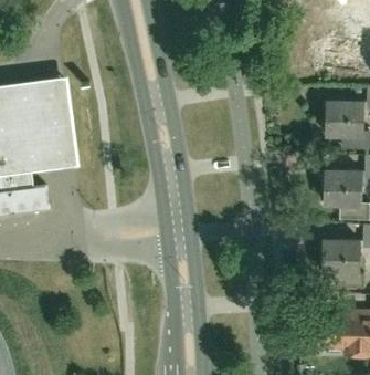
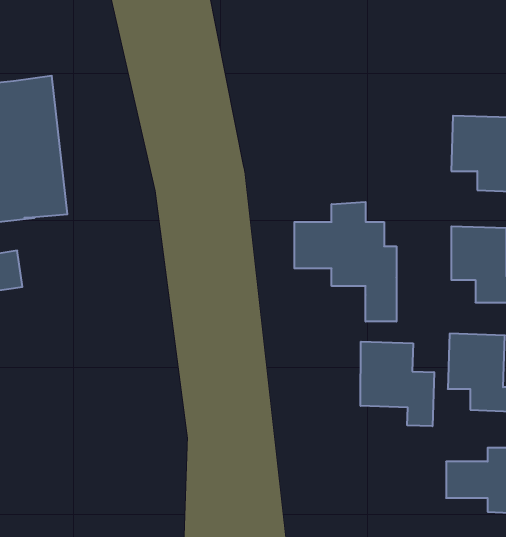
building: none -> [294,202,396,322]
building: none -> [361,342,434,426]

